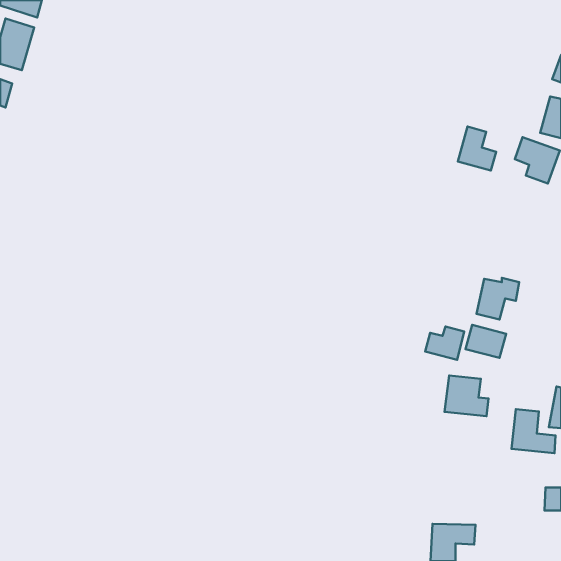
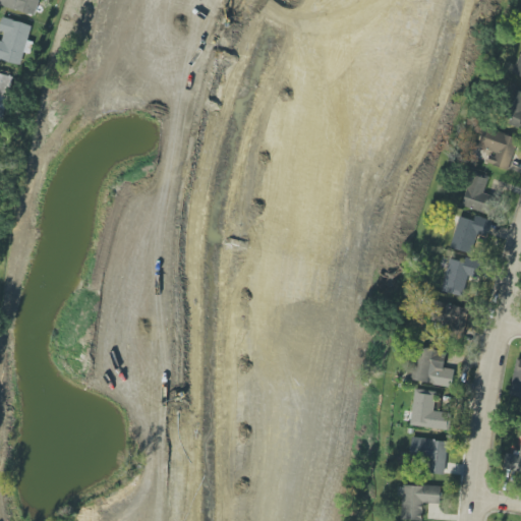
building: [458,127,496,170] -> [461,174,497,215]
building: none -> [450,216,489,254]
building: [425,327,464,360] -> none
building: [512,409,555,453] -> [410,389,451,429]
building: none -> [410,439,447,474]

